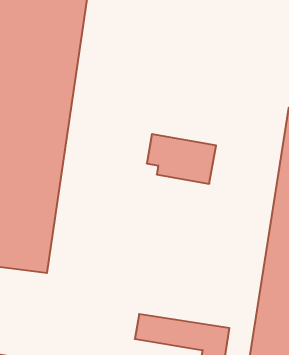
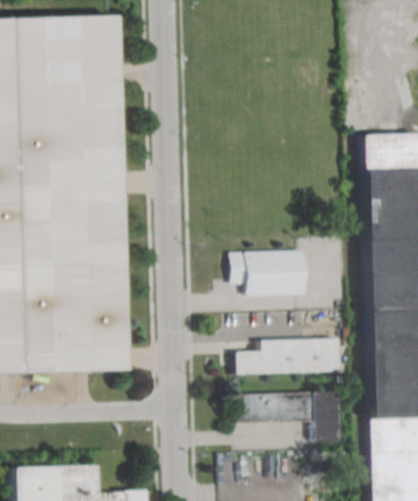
building: [147,134,216,184] -> [237,252,311,295]
building: none -> [239,339,344,374]

